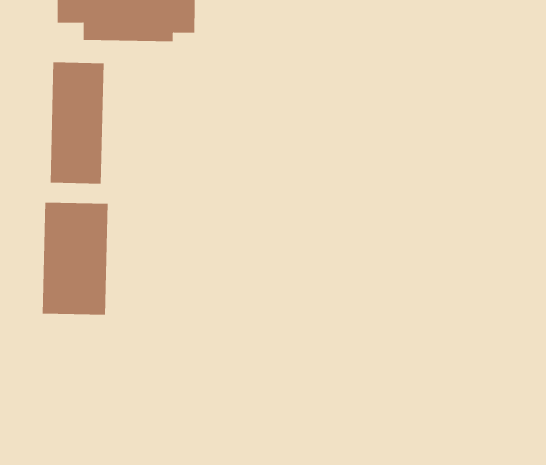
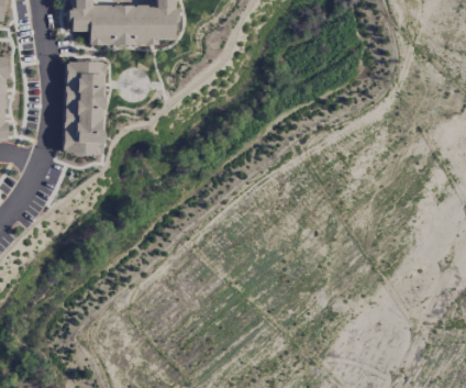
building: [42,202,108,316] -> none

